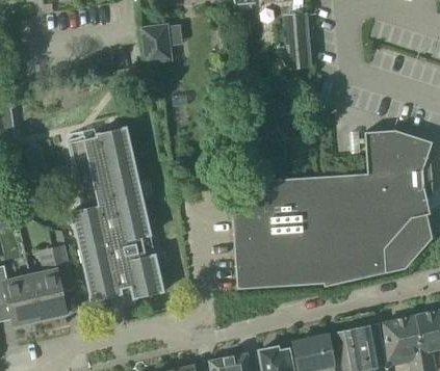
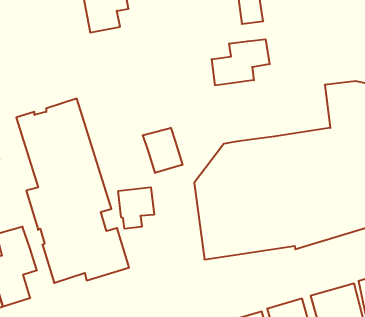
building: none -> [212,39,270,85]
building: none -> [143,128,182,173]
building: none -> [118,187,154,229]

